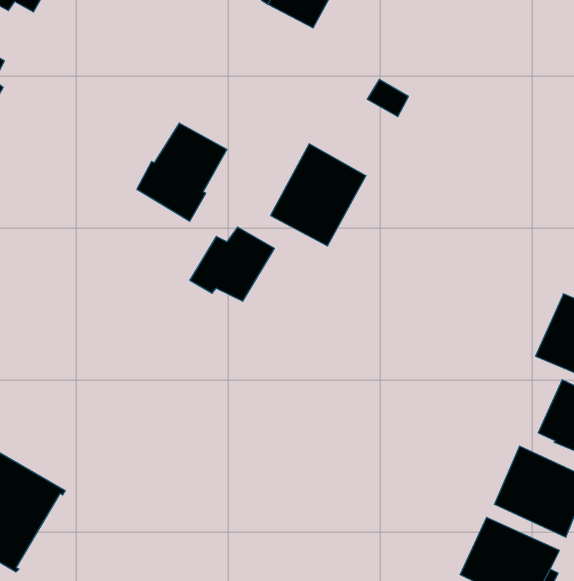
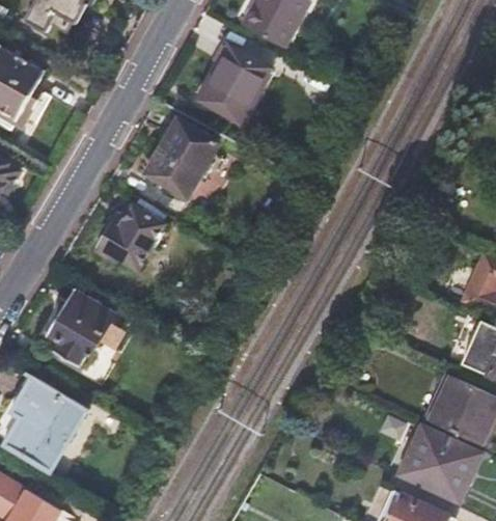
building: [271,144,366,246] -> [197,44,272,124]
building: [190,227,274,301] -> [97,208,163,266]
building: none -> [46,287,114,364]

